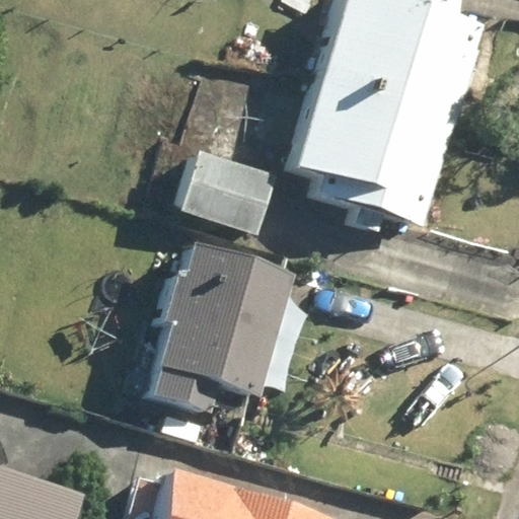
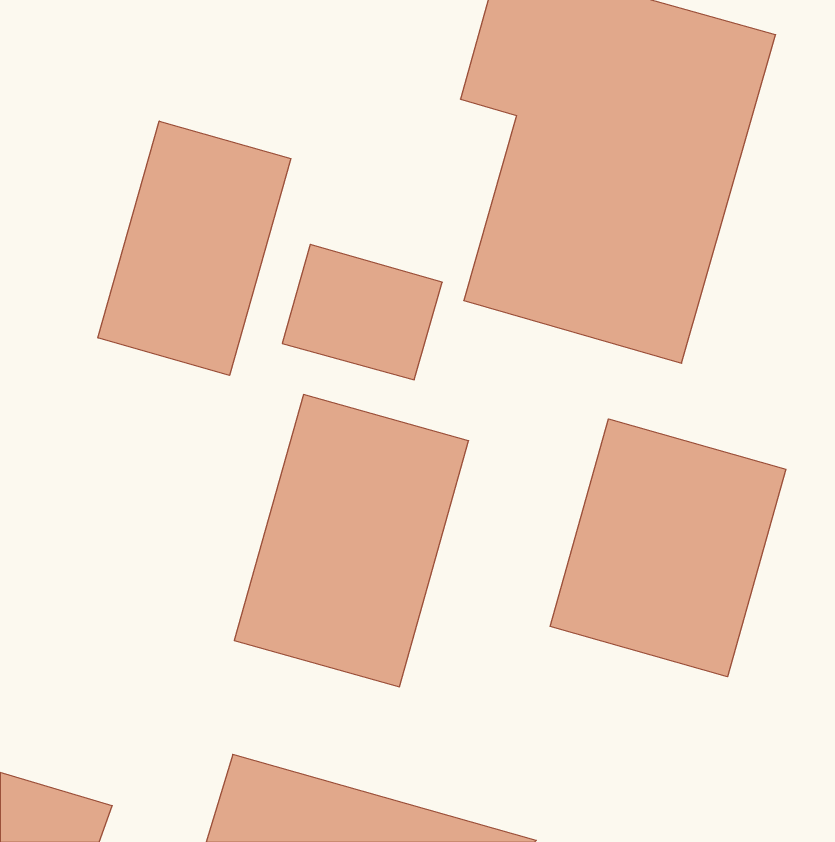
building: none -> [98,121,291,375]
building: none -> [550,419,786,677]

